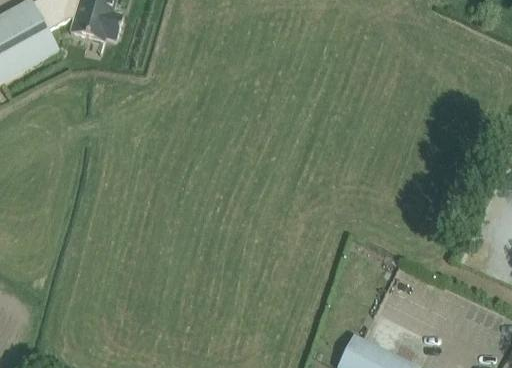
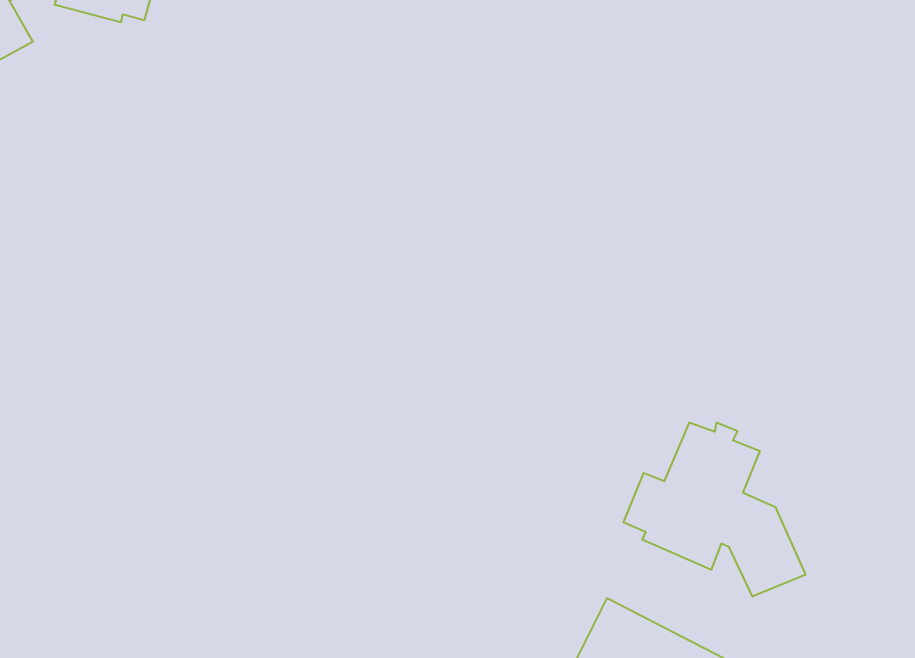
building: none -> [623,422,805,597]

